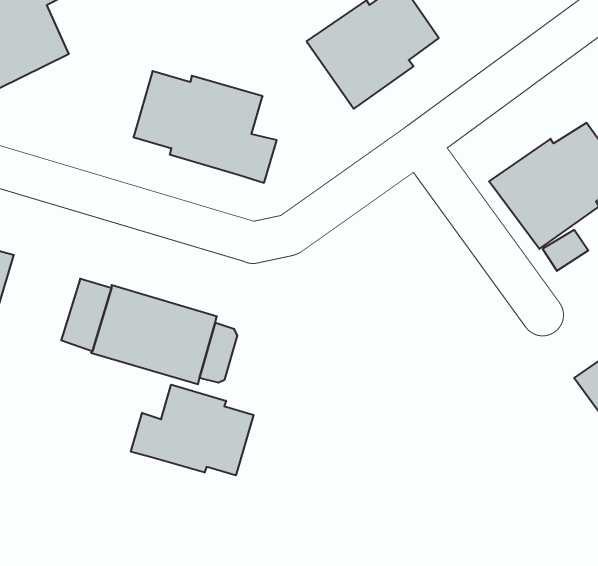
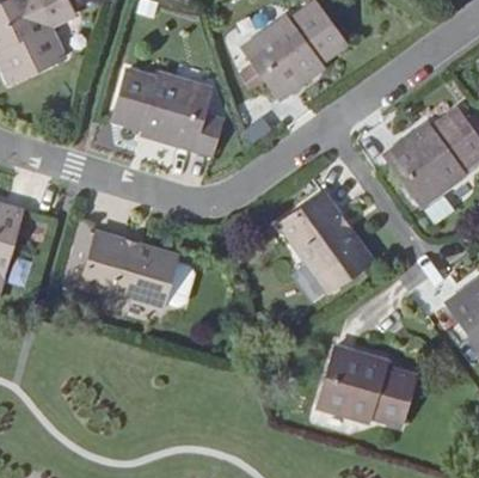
building: none -> [280,191,373,290]
building: [131,385,254,475] -> none
building: none -> [318,347,416,424]

